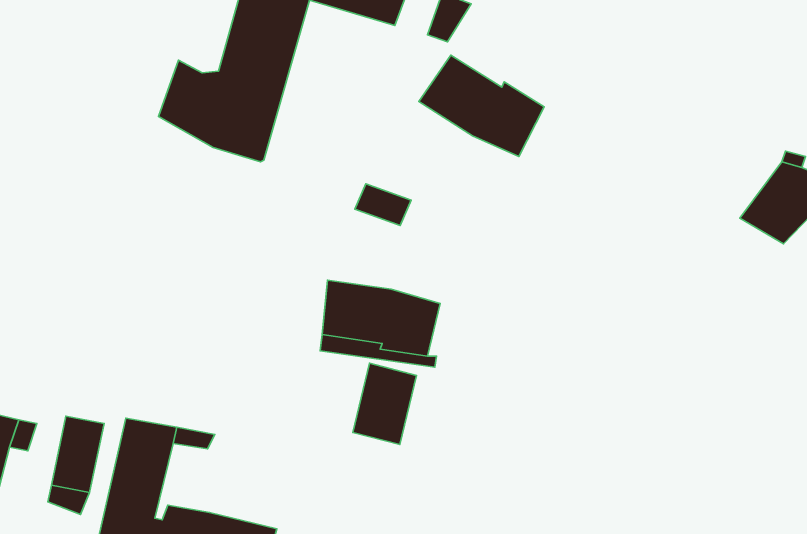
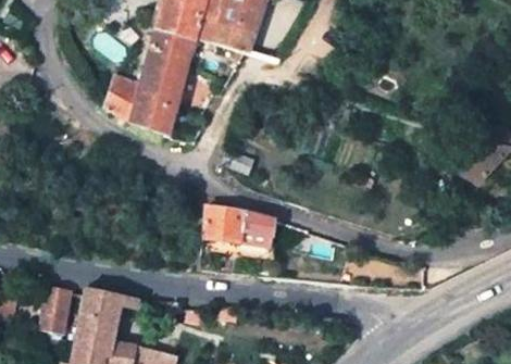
building: [419,55,544,157] -> none
building: [353,363,416,445] -> none

